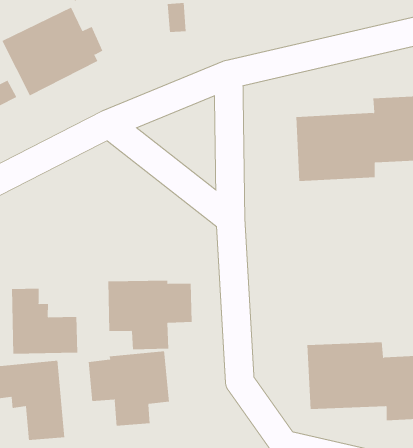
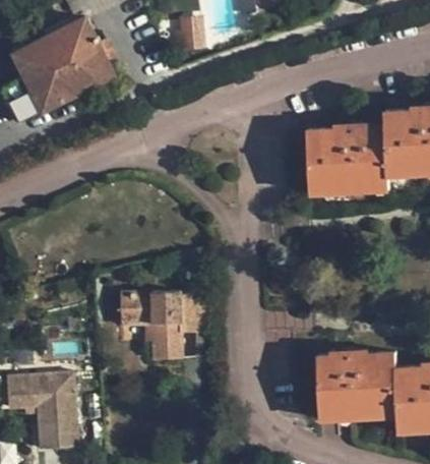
building: [12,288,78,354] -> none
building: [88,350,169,427] -> none

